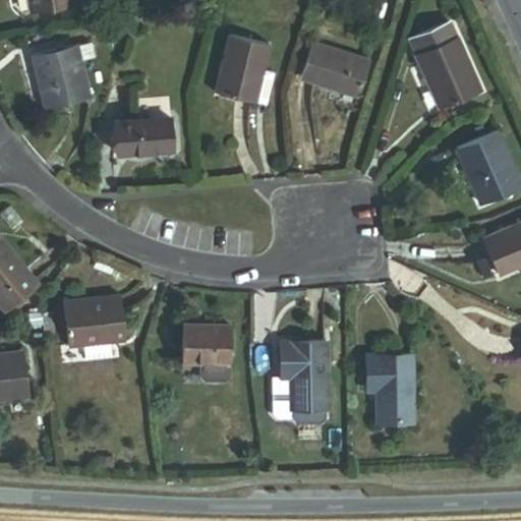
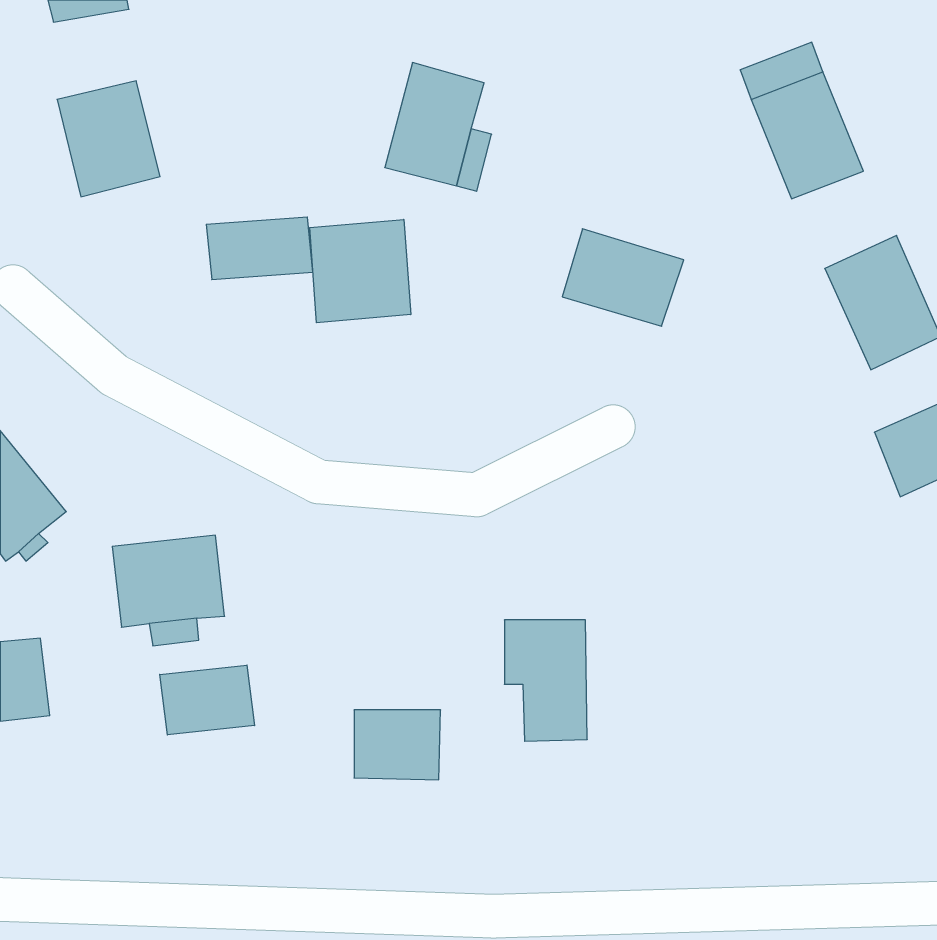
building: [301,42,368,96] -> [562,229,684,326]
building: none -> [310,219,411,323]
building: [184,326,232,364] -> [354,710,441,780]
building: [367,356,413,423] -> none
building: none -> [160,665,255,735]

